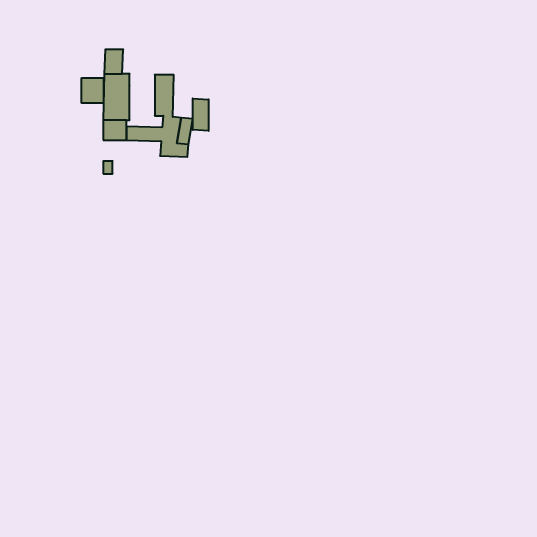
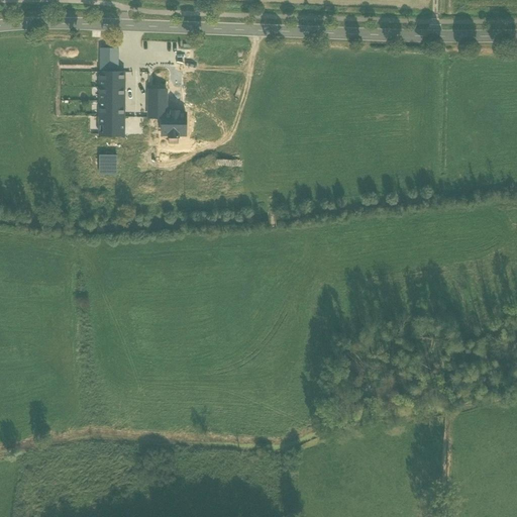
building: [82,78,104,103] -> none
building: [193,98,209,131] -> none

